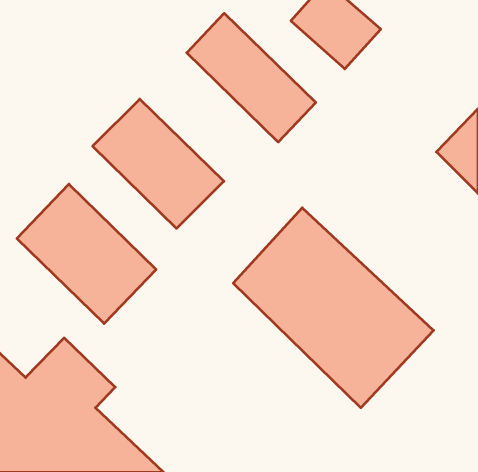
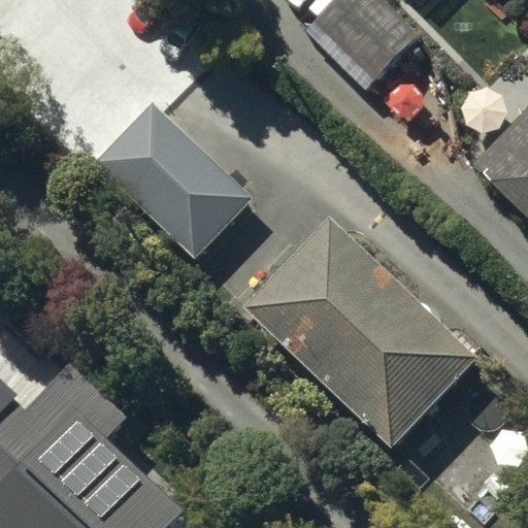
building: [187,13,316,142] -> none
building: [17,184,156,324] -> none

